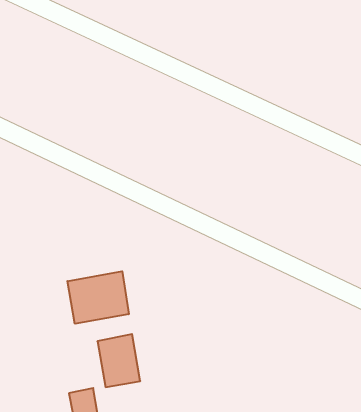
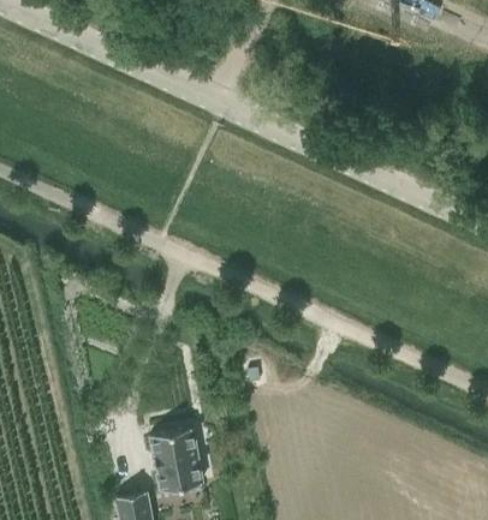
building: [67,271,129,324] -> none

